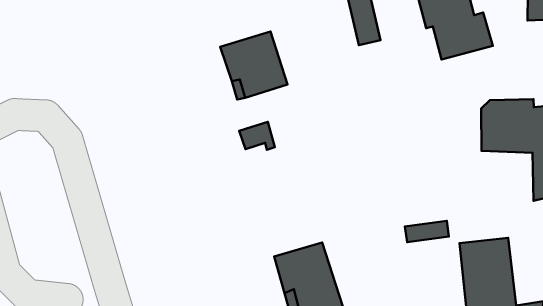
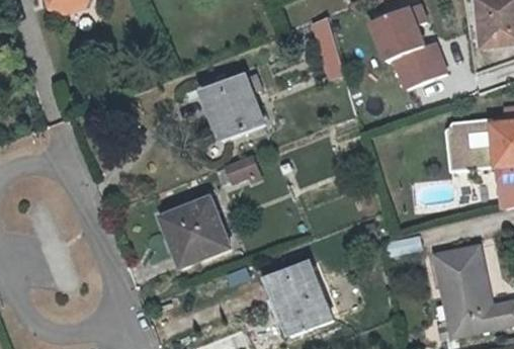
building: none -> [162,199,229,267]

